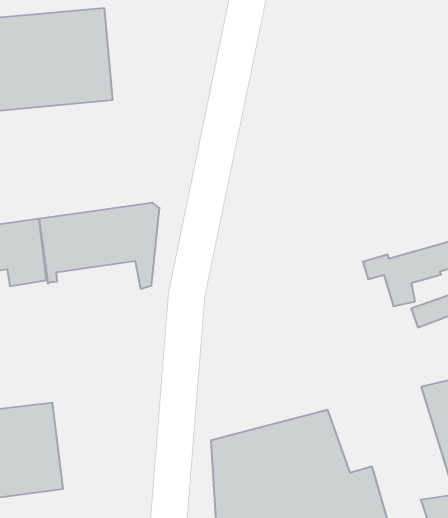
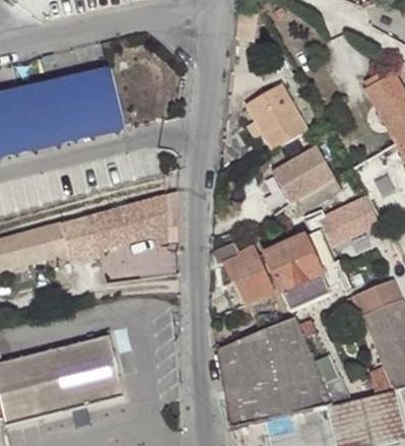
building: none -> [247,82,309,149]
building: none -> [273,145,341,208]
building: none -> [265,230,341,310]
building: none -> [210,242,275,304]

